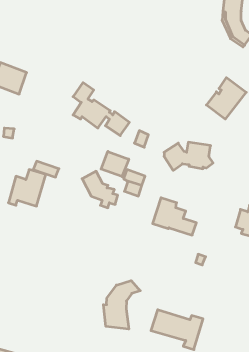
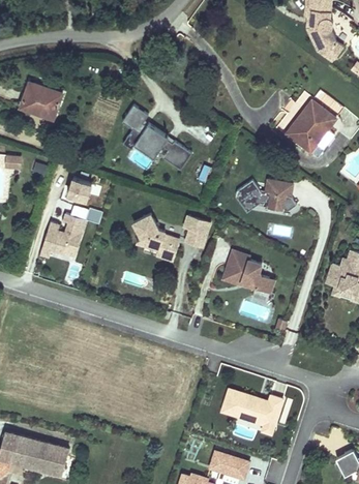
building: none -> [66,178,94,204]
building: [101,151,129,177] -> none
building: [103,281,140,329] -> none

